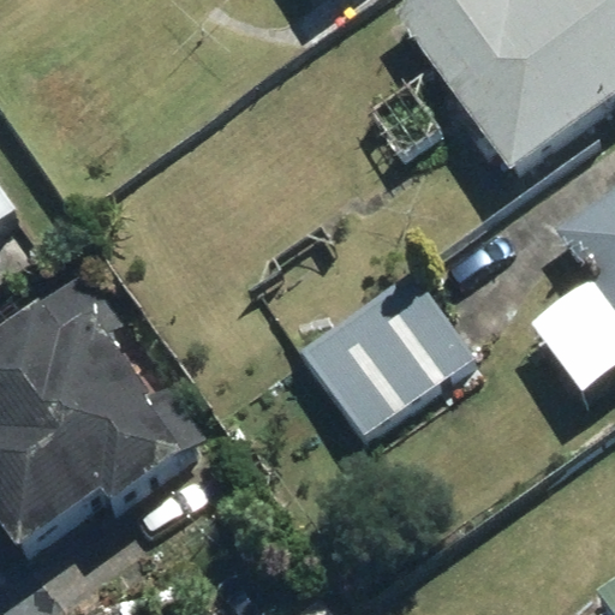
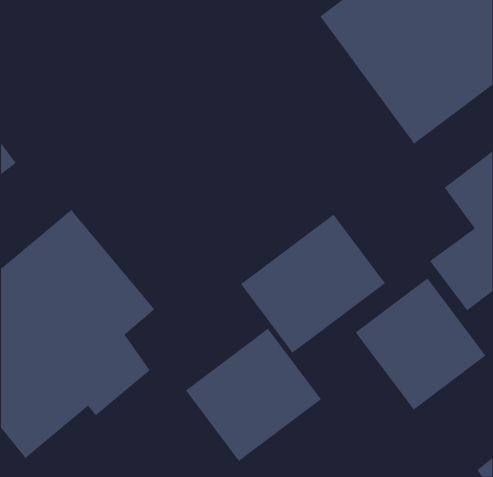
building: none -> [355,278,486,410]
building: none -> [185,328,322,462]

